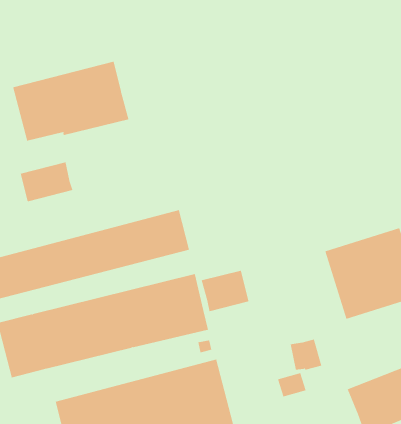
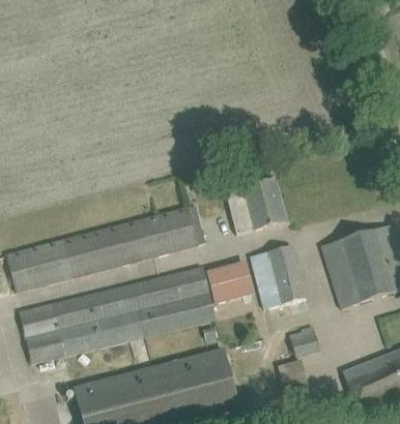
building: [13,61,129,142] -> none
building: [20,161,73,202] -> none
building: none -> [225,177,285,234]
building: none -> [250,245,305,308]

